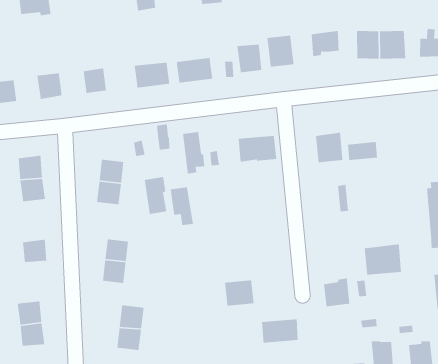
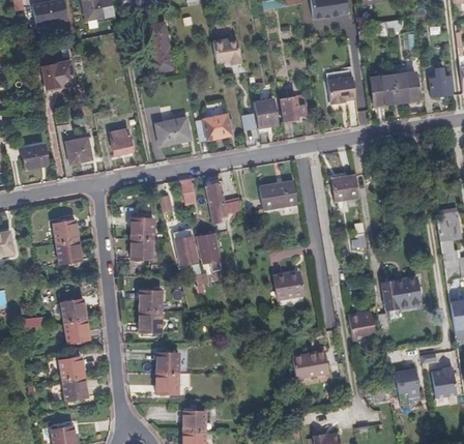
building: [347,141,378,161] -> none
building: none -> [65,314,90,337]
building: [224,279,255,306] -> [273,272,303,299]

